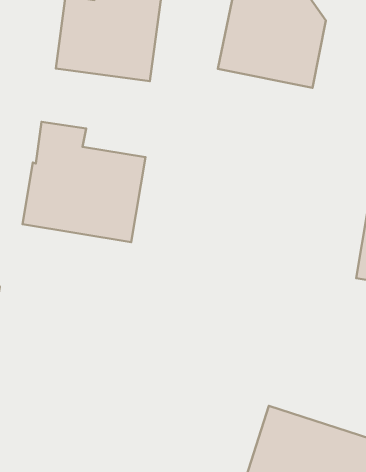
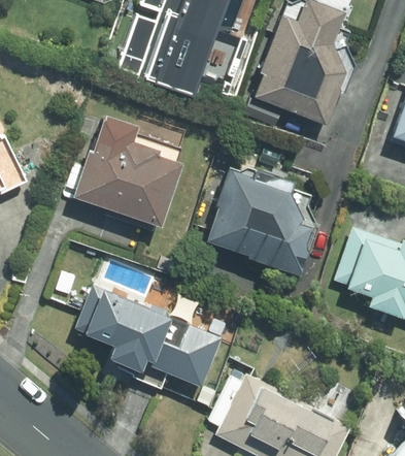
building: none -> [208,173,313,274]
building: none -> [78,288,223,387]

